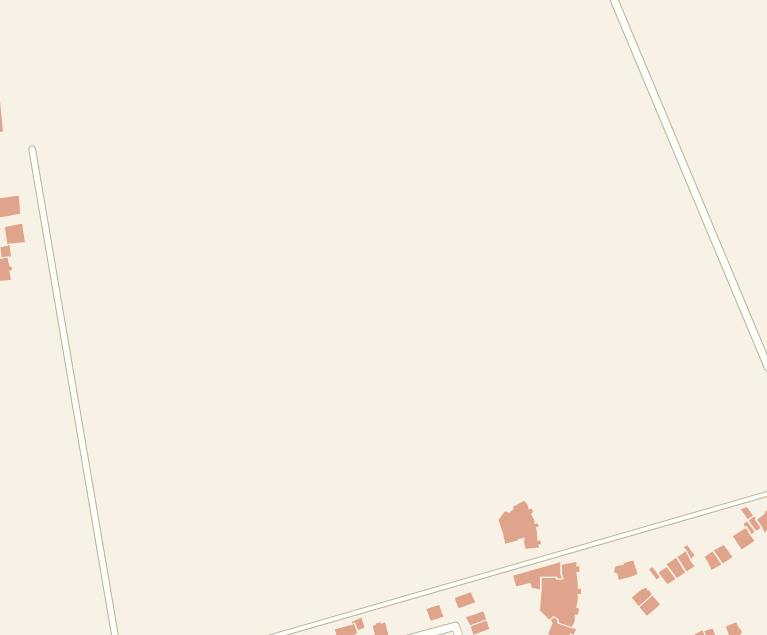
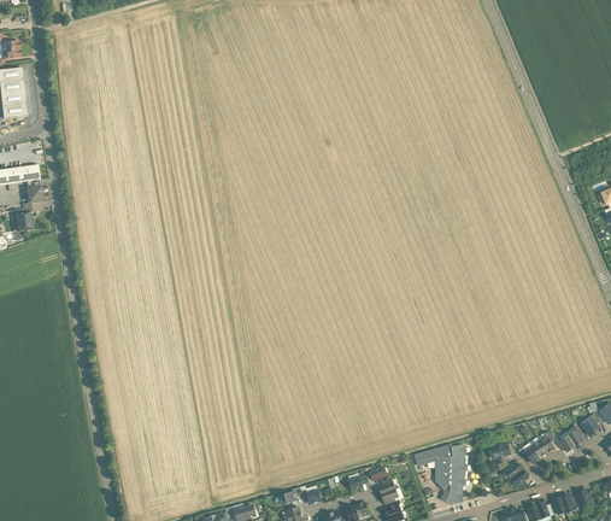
building: [498,500,542,549] -> none

